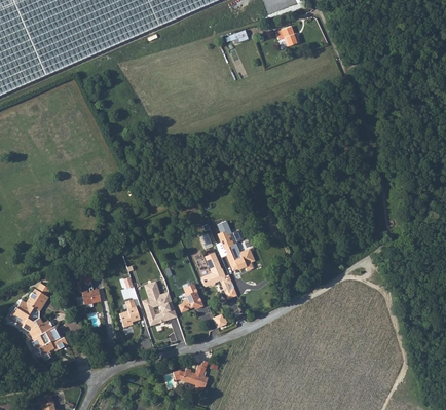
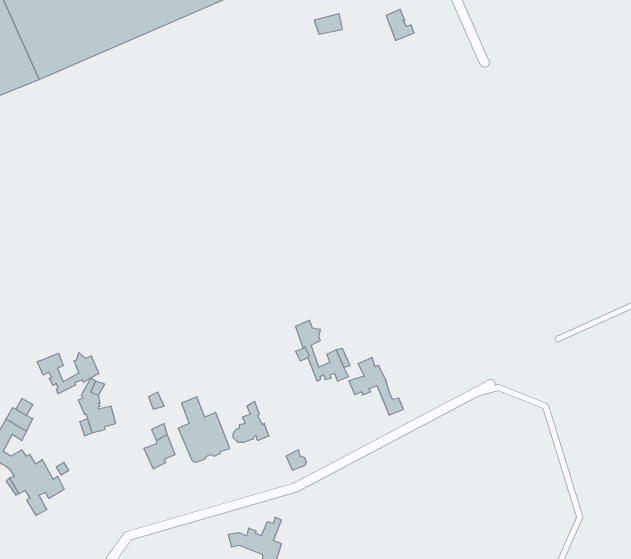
building: none -> [37,353,99,394]
building: [200,260,236,298] -> [349,357,403,415]

